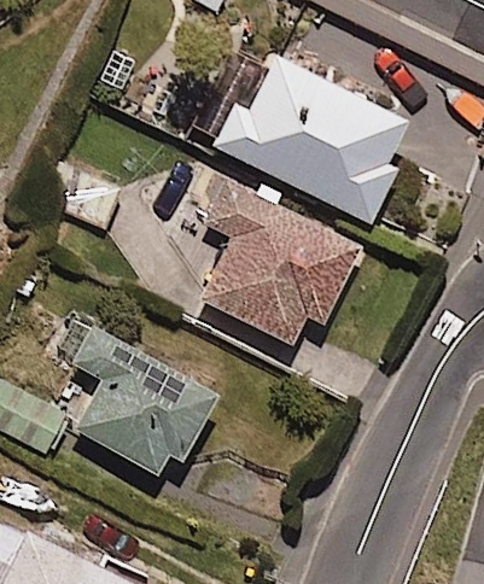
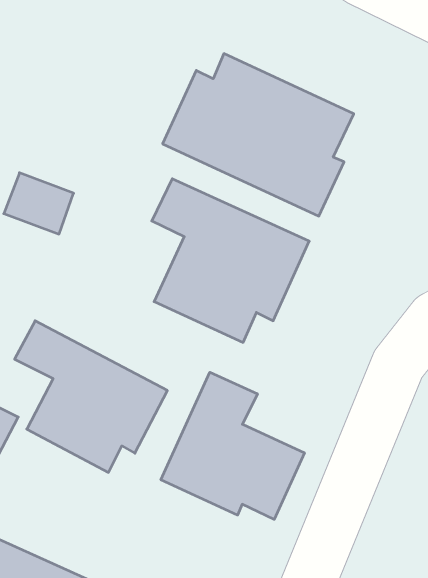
building: none -> [161,372,304,519]

